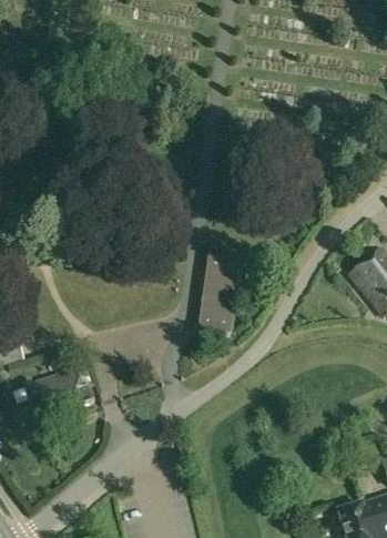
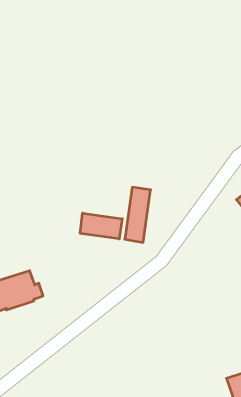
building: none -> [80,213,122,239]

